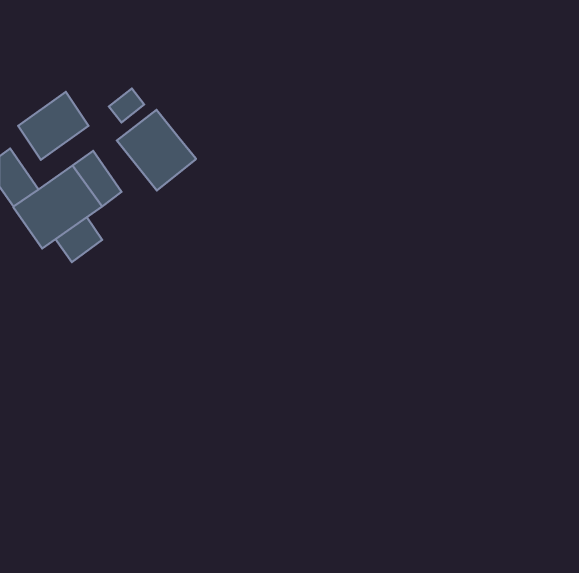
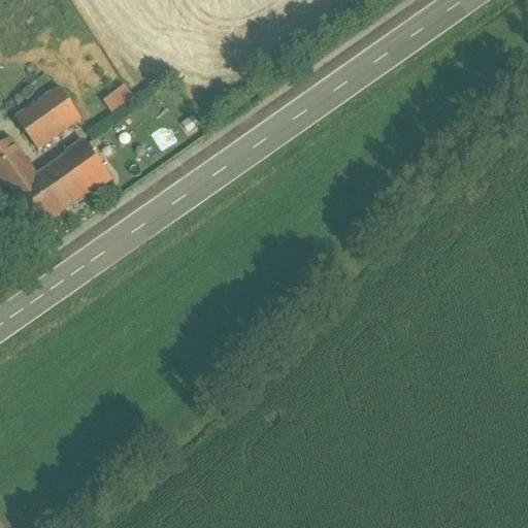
building: [117,110,196,190] -> none
building: [56,217,102,262] -> none

